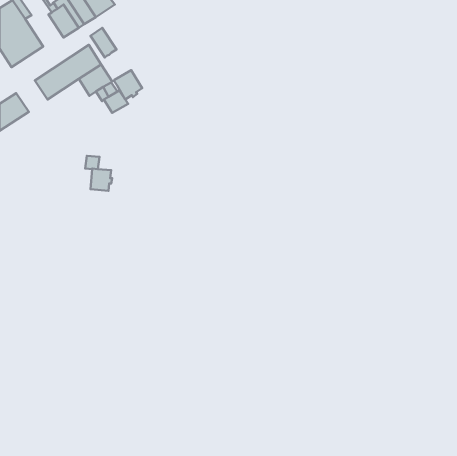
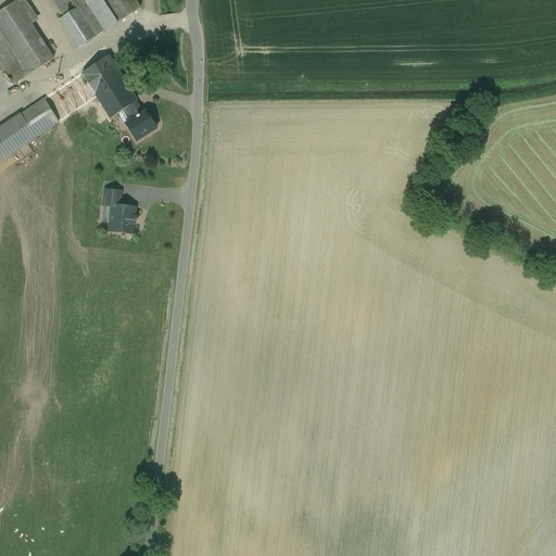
building: [90,28,117,57] -> none
building: [114,70,142,99] -> none
building: none -> [20,98,58,136]

